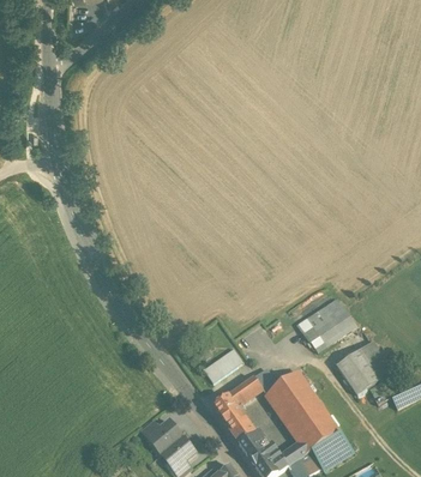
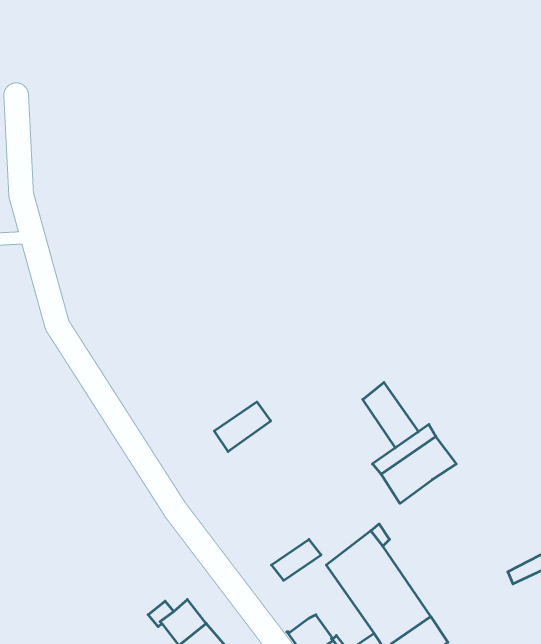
building: none -> [363,382,418,448]
building: [336,340,392,396] -> none
building: [203,348,242,382] -> [214,402,271,452]
building: [212,396,253,443] -> none

